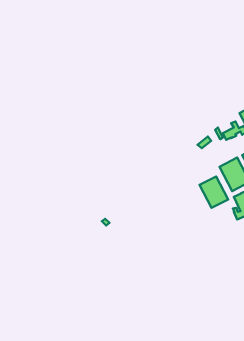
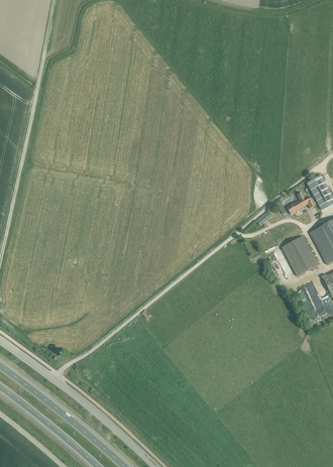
building: [200,176,228,208] -> none

